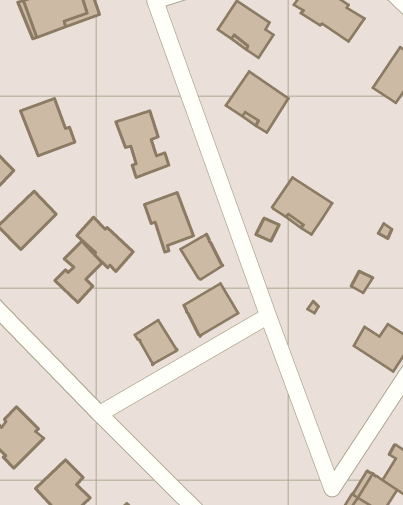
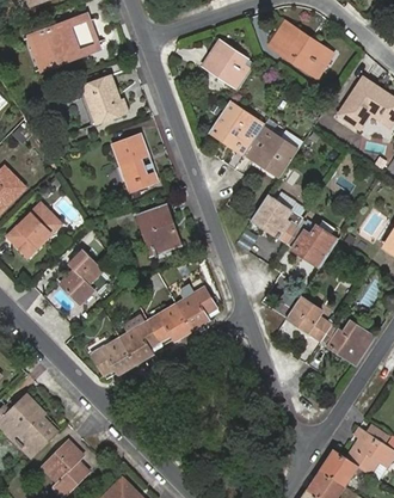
building: [20,99,75,156] -> [82,74,130,124]
building: none -> [245,124,297,176]
building: none -> [284,222,337,265]
building: [77,217,133,272] -> none
building: [181,234,223,279] -> [149,305,186,344]
building: none -> [285,296,331,340]
building: none -> [91,331,144,380]

